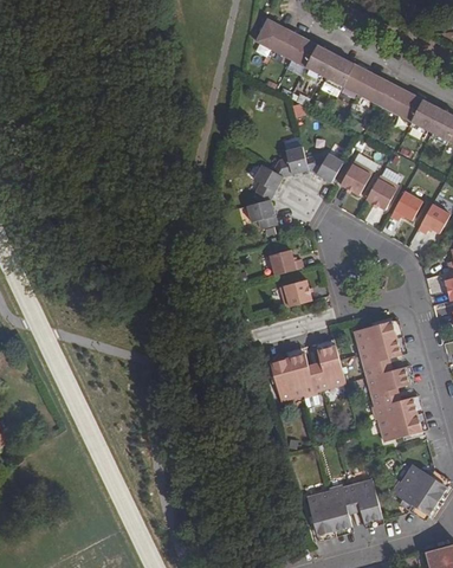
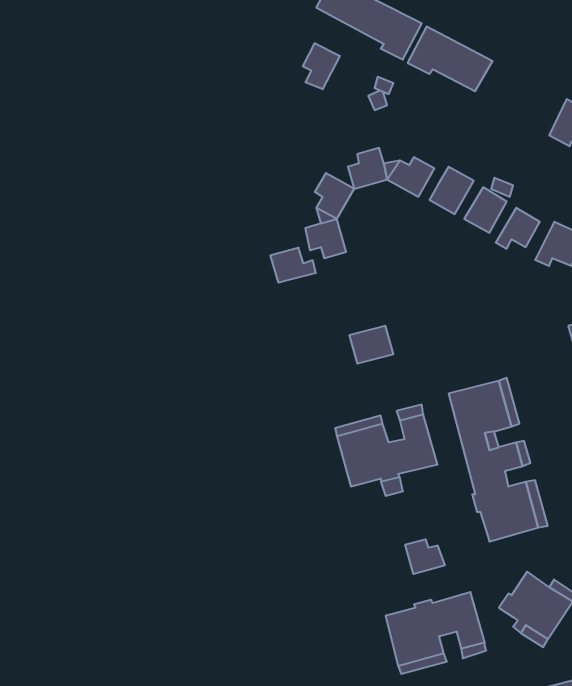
building: none -> [303,43,340,89]
building: [377,82,439,134] -> none
building: [268,248,303,275] -> [270,248,316,282]
building: none -> [405,539,445,574]

